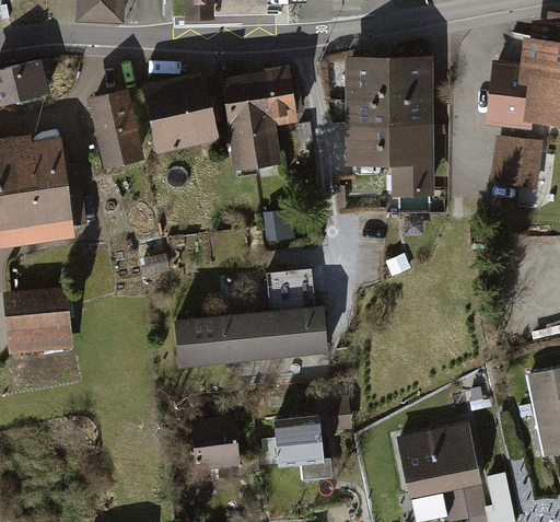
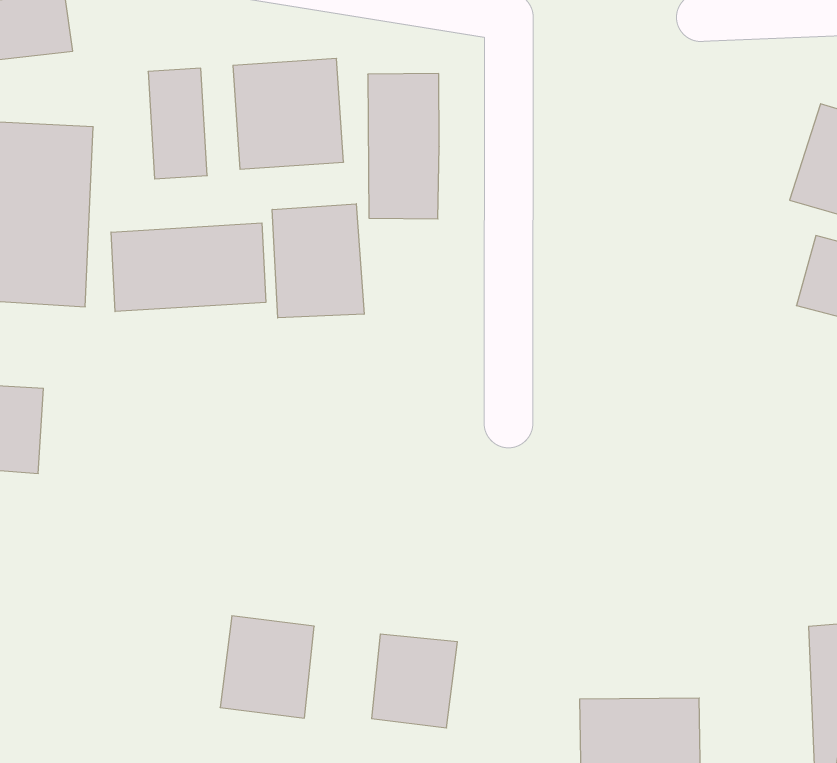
building: [347,62,424,194] -> none
building: [262,72,299,121] -> none
building: none -> [272,204,364,318]
building: none -> [111,223,266,312]
building: [174,271,326,367] -> none

